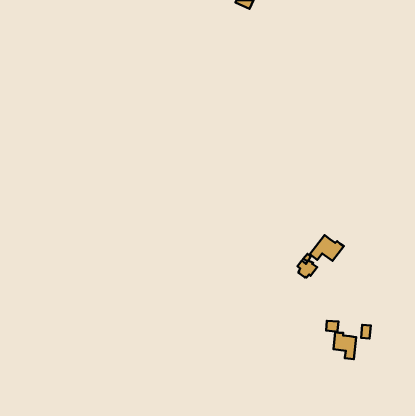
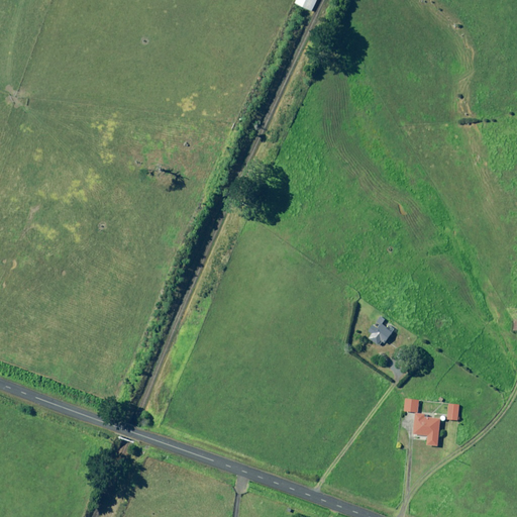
building: [310,235,344,261] -> none

